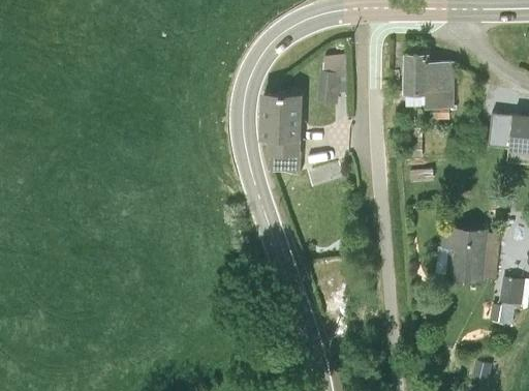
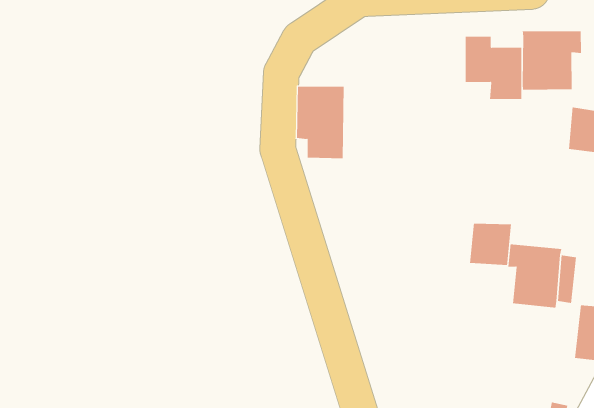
building: none -> [522,30,581,91]
building: [316,73,340,106] -> none
building: none -> [470,223,512,266]

